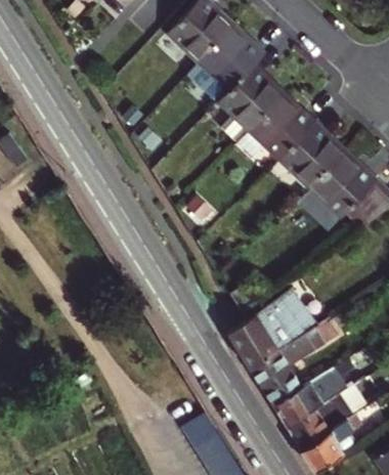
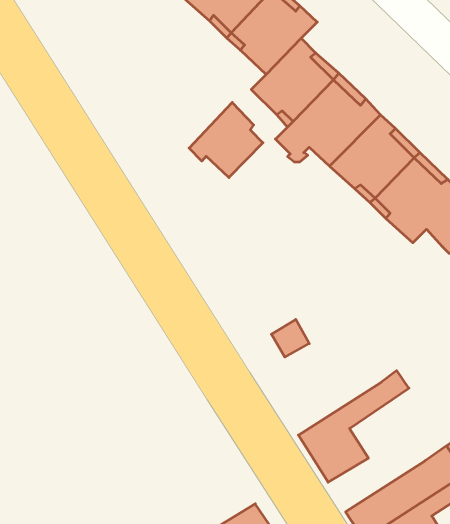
building: none -> [189,102,263,178]
building: [228,291,313,370] -> none
building: [273,366,347,428] -> none

